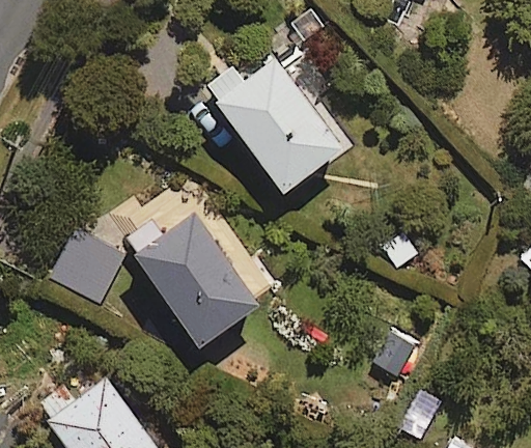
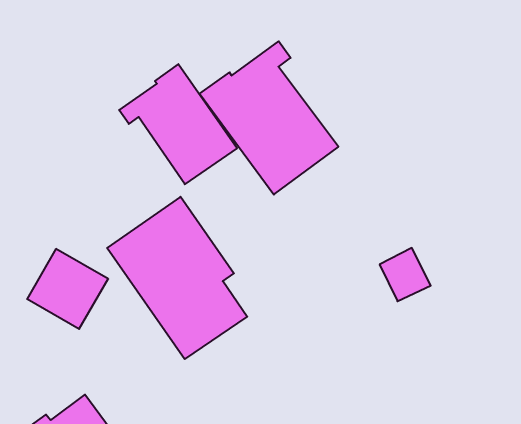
building: none -> [119,64,237,184]

